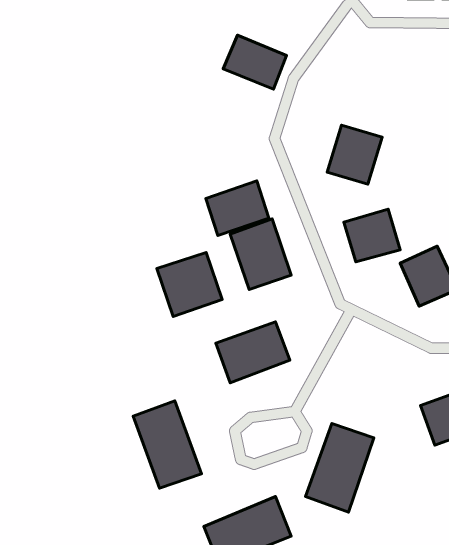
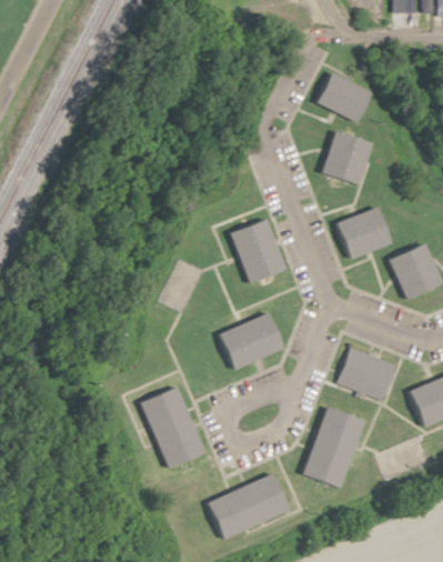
building: [223,35,287,89] -> [315,72,374,122]
building: [206,181,269,235] -> none
building: [157,253,222,317] -> none
building: none -> [338,347,399,401]

